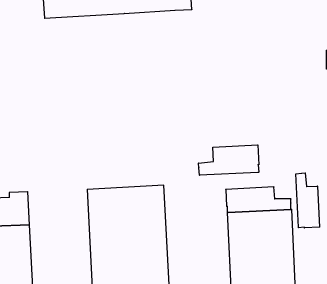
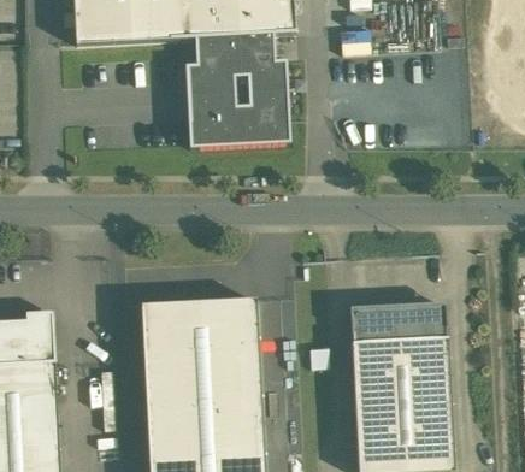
building: none -> [185,37,289,143]
building: [199,145,259,175] -> none
building: [296,173,320,228] -> none

